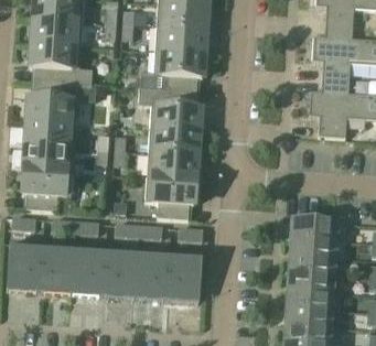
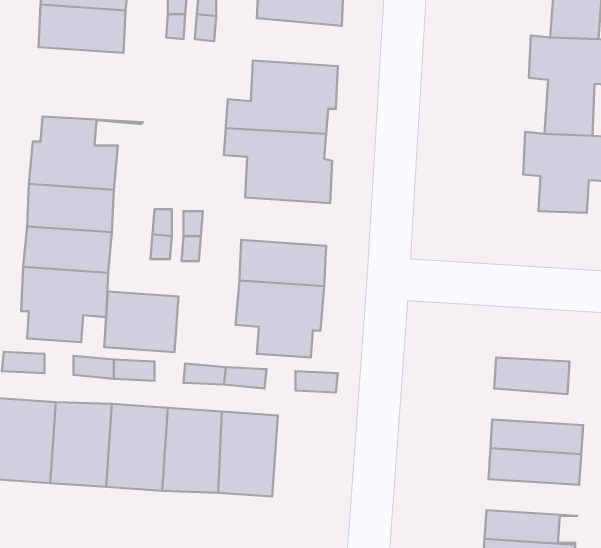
building: [154,26,205,54] -> none
building: [30,43,92,86] -> none
building: [148,129,198,156] -> none
building: none -> [104,292,178,352]
building: [291,238,343,259] -> none
building: [165,253,202,302] -> none
building: [288,290,341,311] -> none

